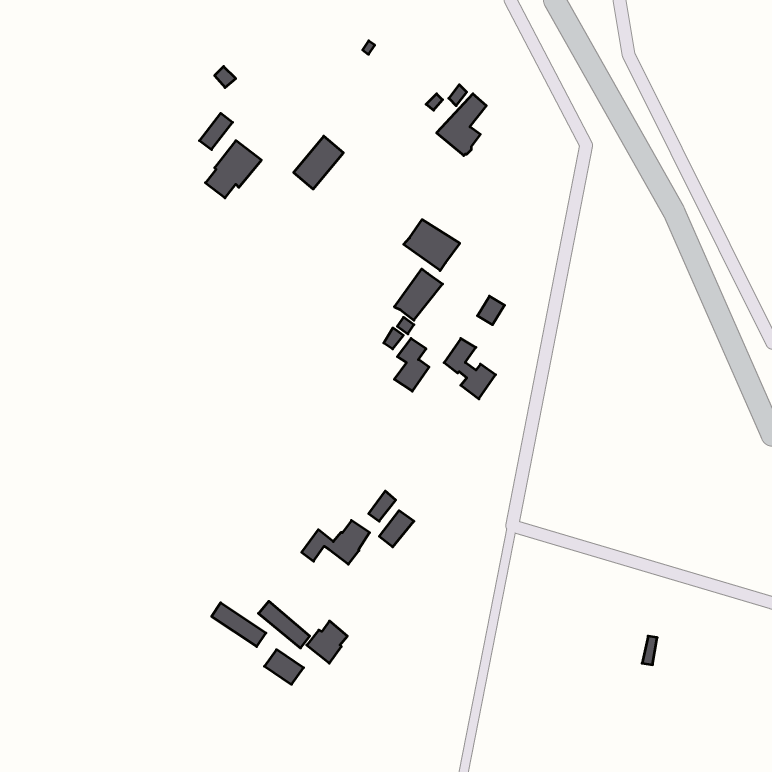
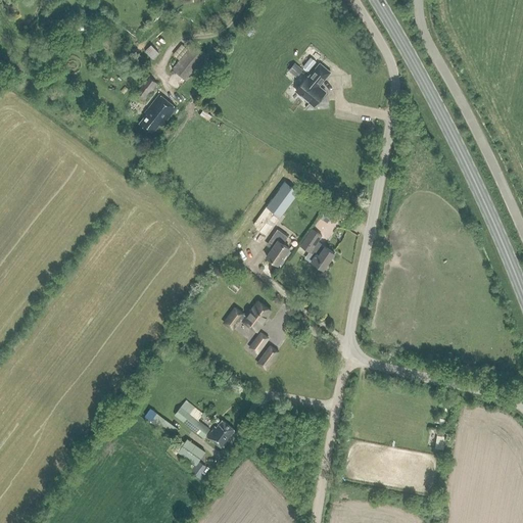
building: [294,136,343,189] -> [173,44,206,80]
building: [404,220,460,271] -> none
building: [302,520,370,564] -> [225,301,271,331]

